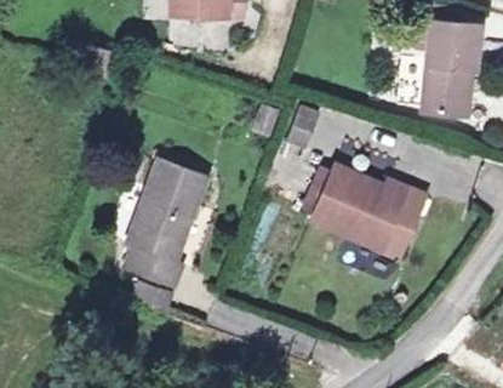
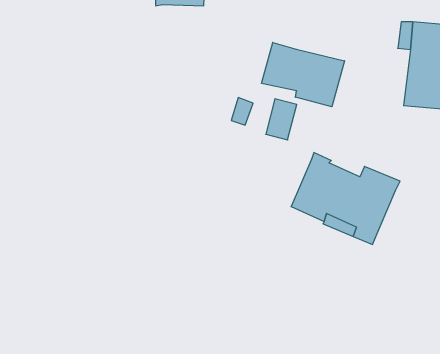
building: none -> [262,42,345,107]
building: [122,165,201,291] -> none

